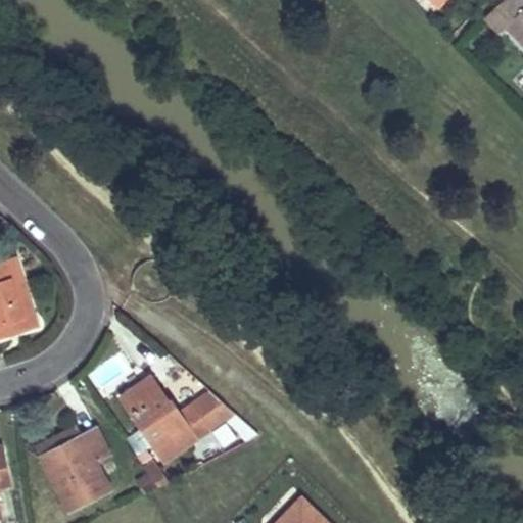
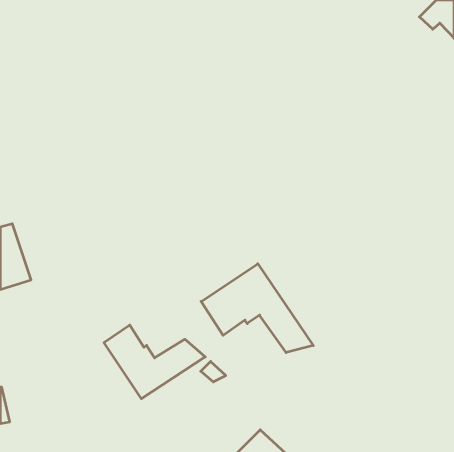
building: none -> [201,264,313,353]
building: [38,427,109,511] -> none

